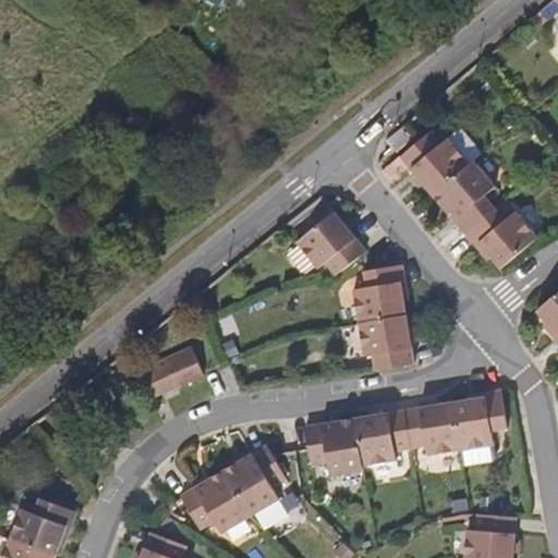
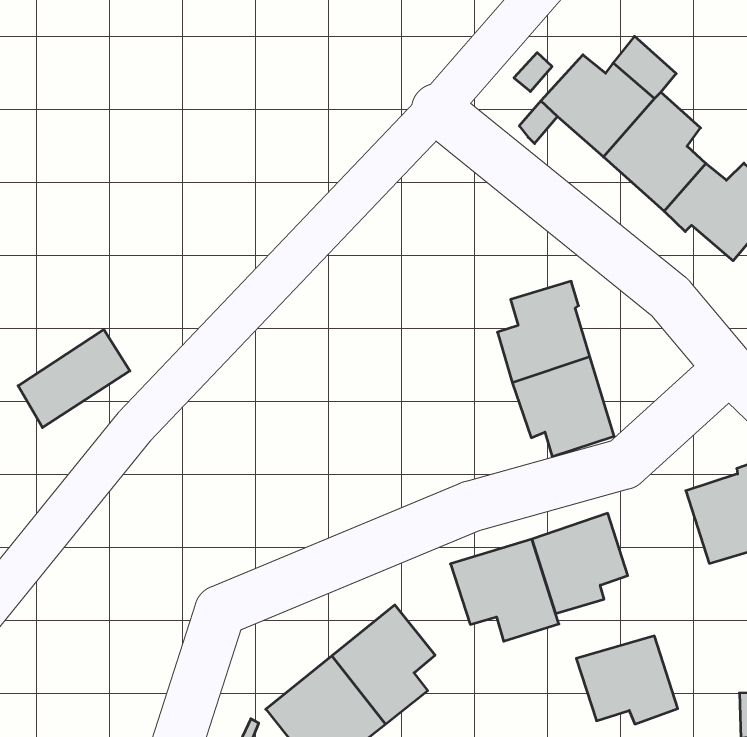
building: [296,211,364,275] -> none
building: [133,347,202,400] -> [18,330,130,428]
building: [402,402,459,453] -> [576,636,678,724]

